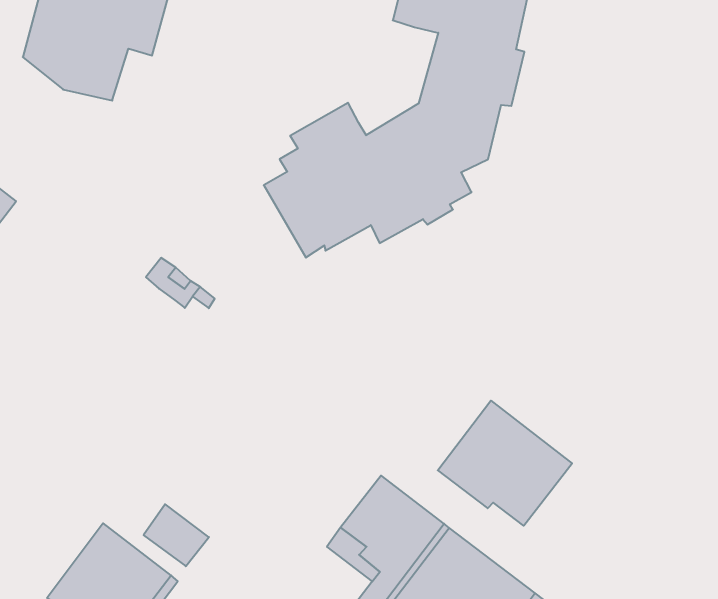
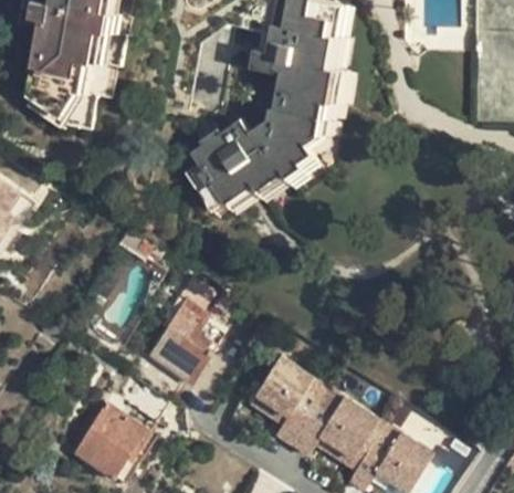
building: none -> [243,63,290,135]
building: none -> [145,271,219,382]
building: [438,401,572,526] -> none

